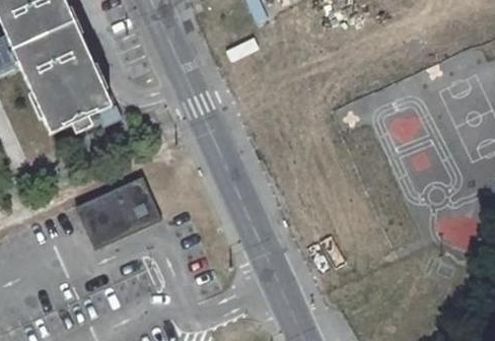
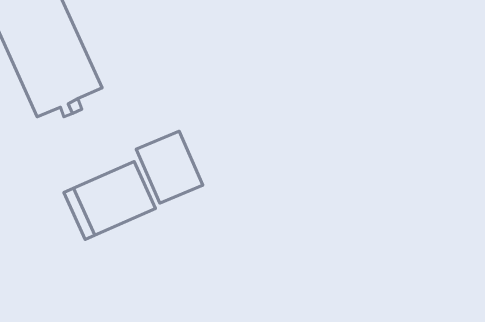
building: none -> [136,131,203,203]

